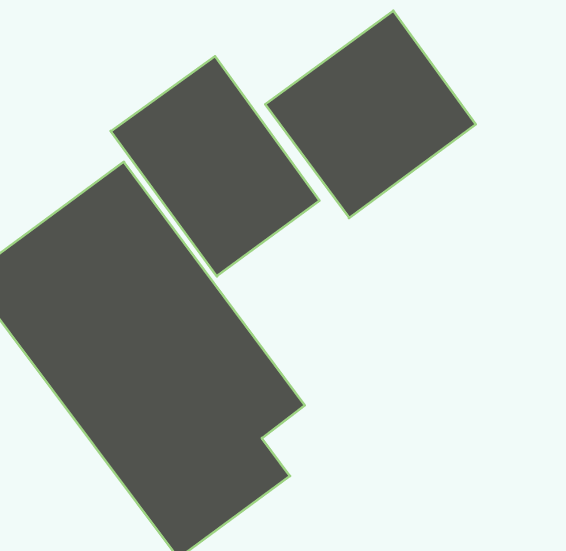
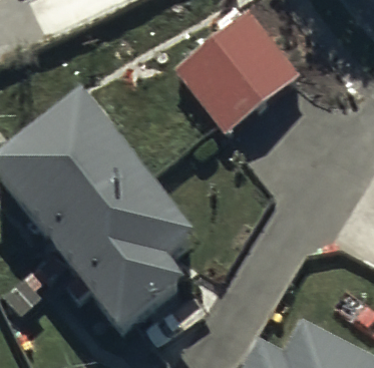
building: [111,56,319,276] -> none

